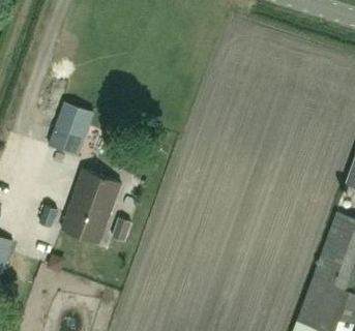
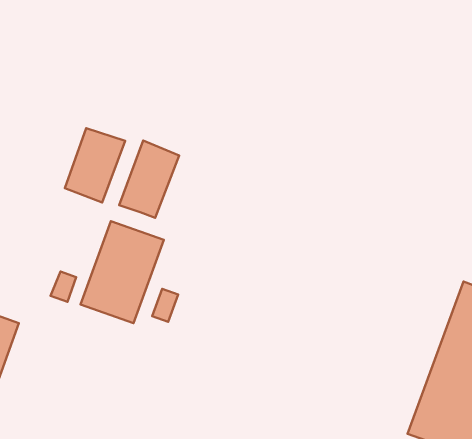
building: none -> [119,141,179,218]

